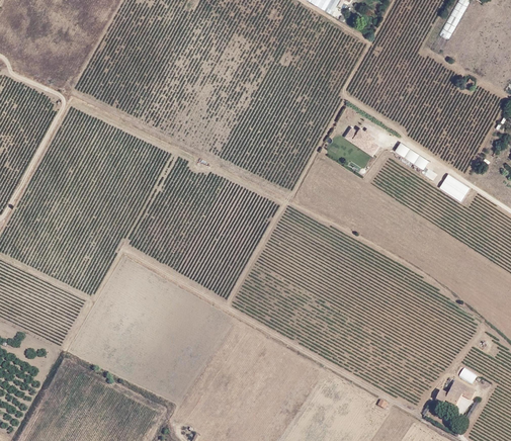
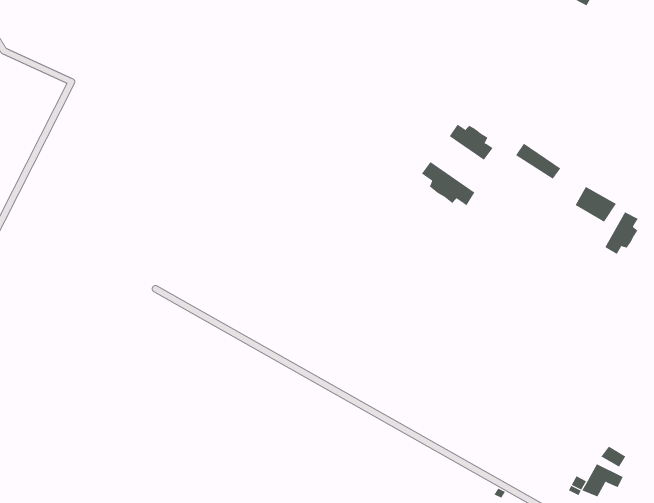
building: none -> [421,161,475,206]
building: none -> [604,212,638,255]

